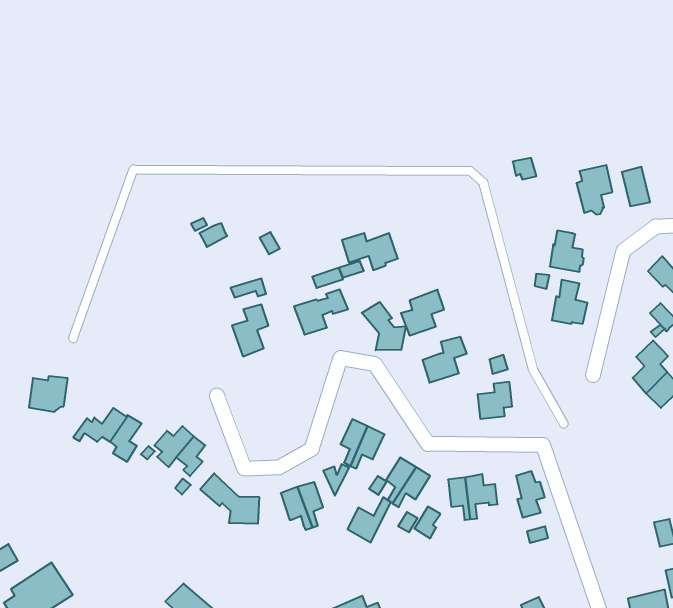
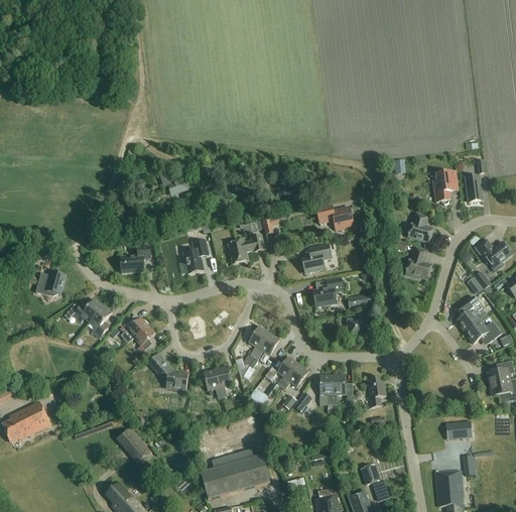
building: [342,233,398,270] -> [316,204,354,230]
building: [362,302,406,350] -> none
building: none -> [120,244,151,272]

